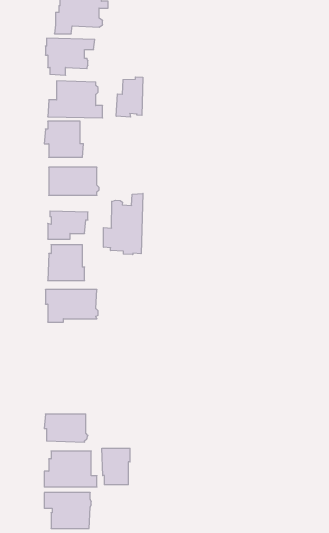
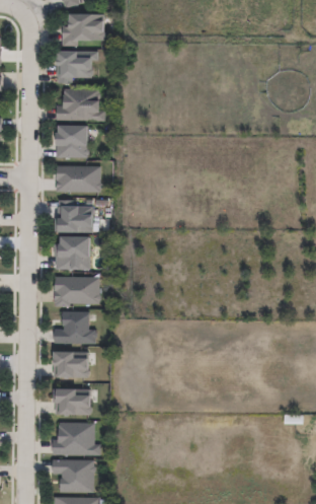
building: [116,77,143,117] -> none
building: [103,193,143,255] -> none
building: none -> [53,311,96,344]
building: none -> [51,352,88,377]
building: [102,448,130,485] -> none

